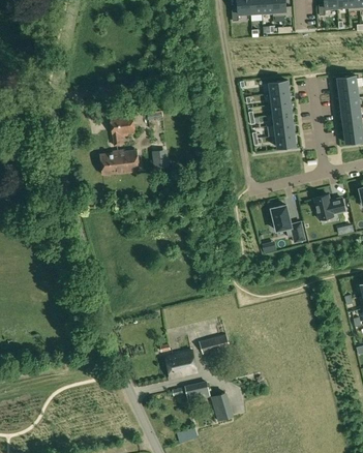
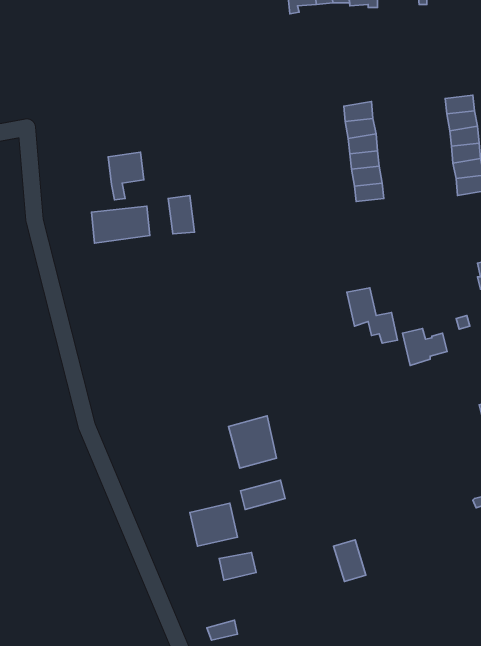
building: [314,194,344,219] -> [403,328,447,365]
building: none -> [229,416,277,468]
building: [211,393,233,421] -> [334,540,366,581]

